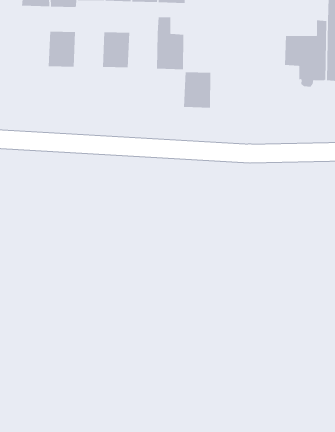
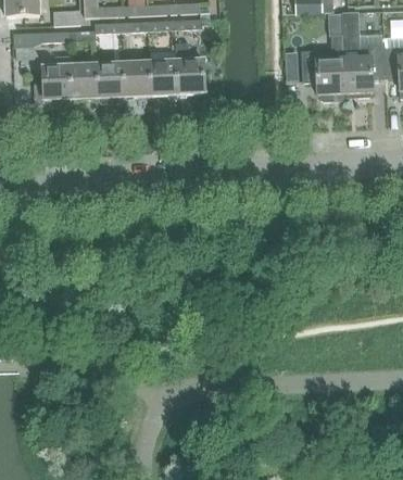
building: none -> [34,56,71,108]
building: none -> [96,62,124,104]
building: [183,72,211,108] -> [149,60,177,96]

